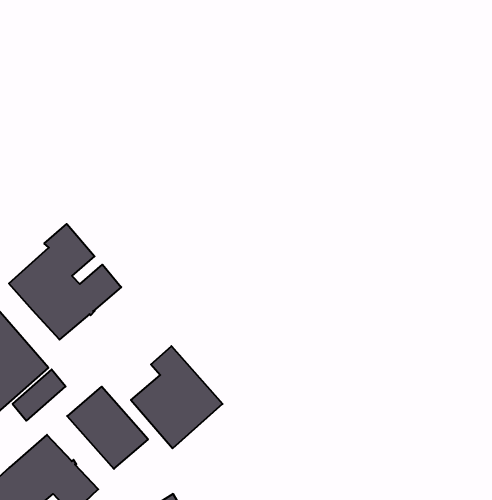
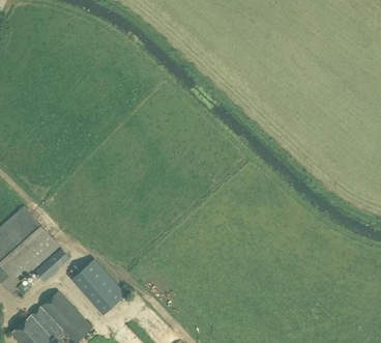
building: [9,224,121,340] -> none
building: [131,346,223,448] -> none

